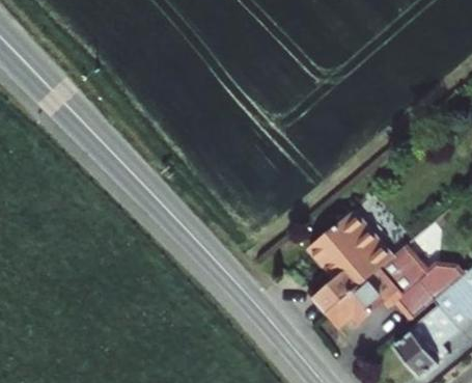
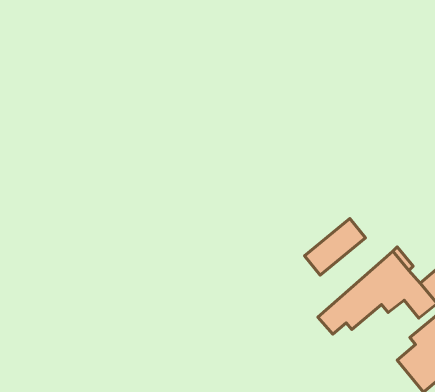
building: [314,240,388,312] -> none

